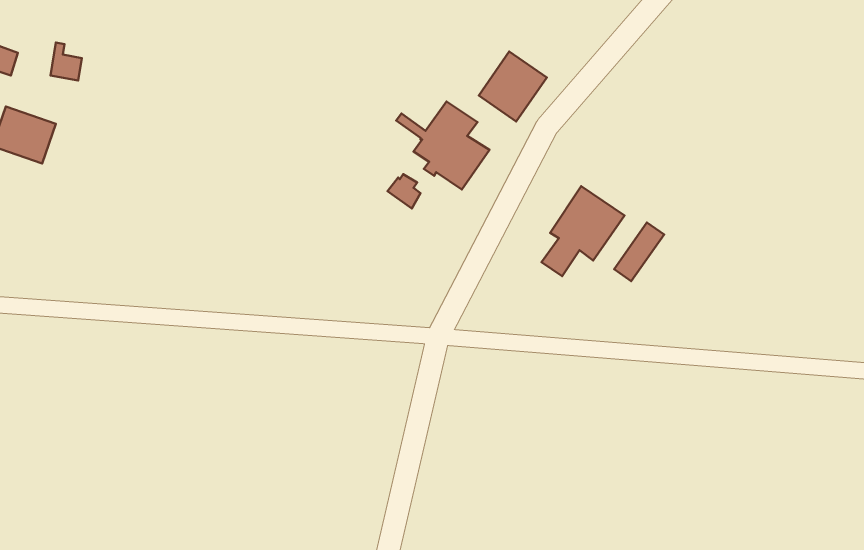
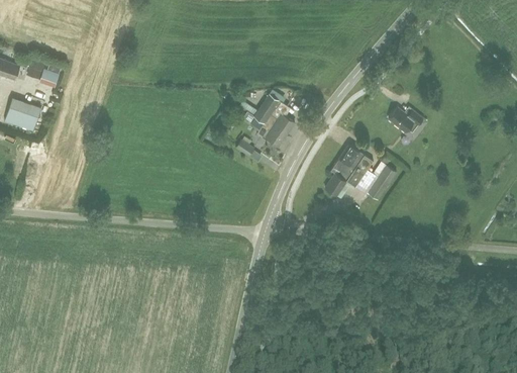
building: [479,51,547,121] -> none
building: none -> [388,107,427,141]

